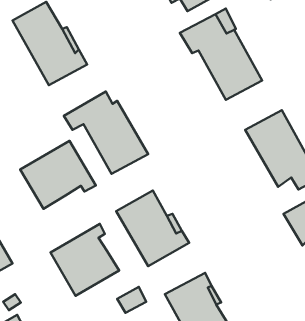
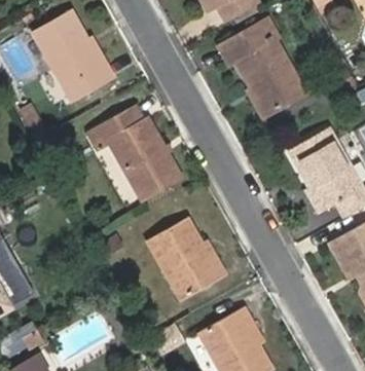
building: [20,141,96,209] -> none
building: [50,224,119,296] -> none

